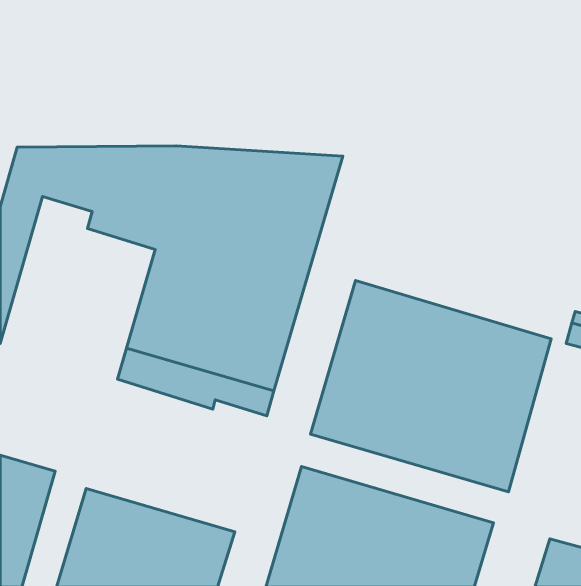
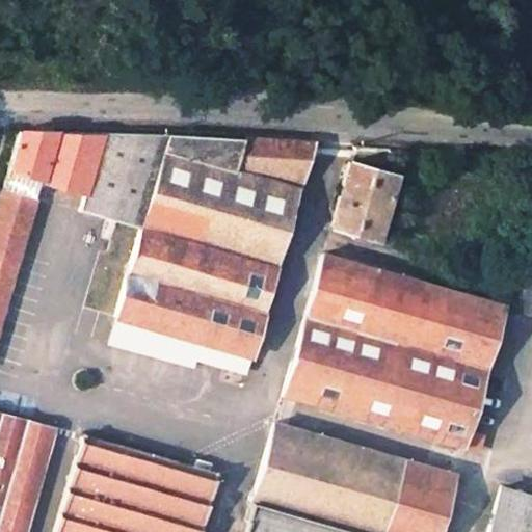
building: none -> [334,163,397,243]

